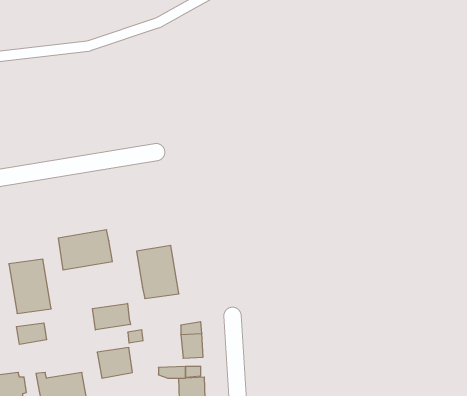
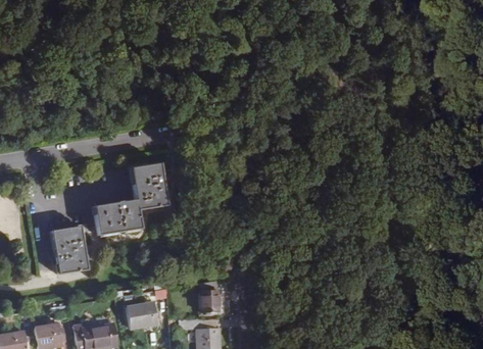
building: [137,245,179,298] -> [130,163,166,209]
building: [92,303,130,330] -> none
building: [16,323,47,344] -> none

